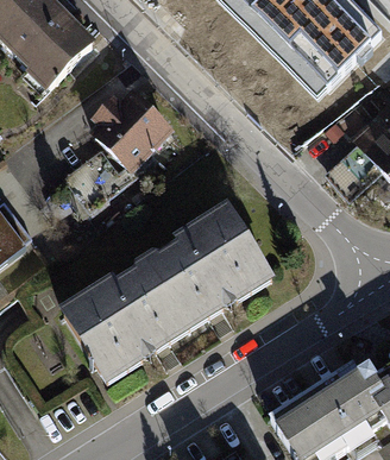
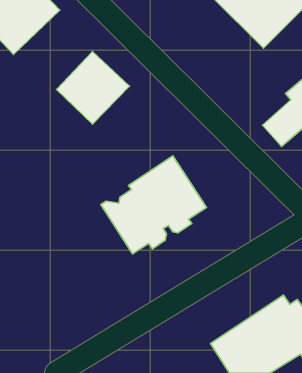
building: [61,260,180,368] -> none

